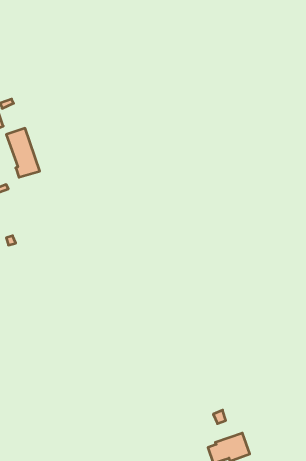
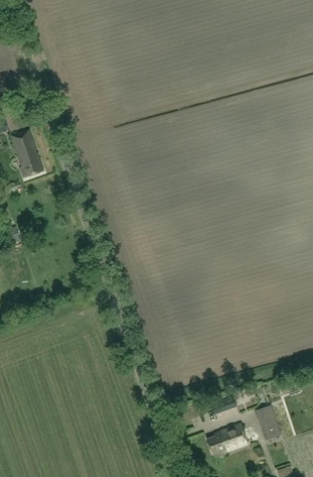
building: none -> [255,405,281,441]

